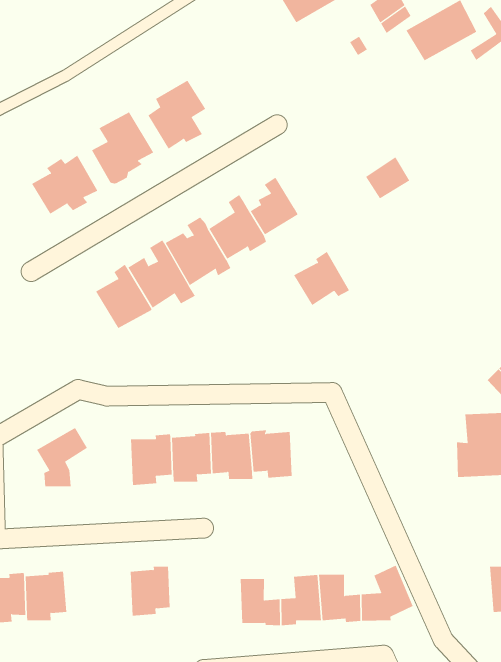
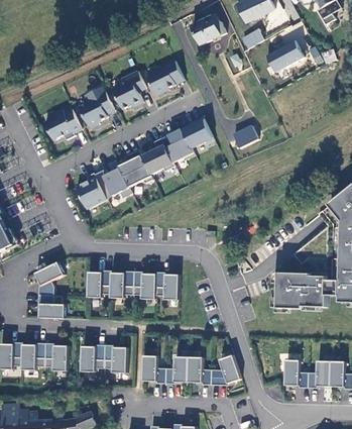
building: none -> [145,62,183,96]
building: [293,251,350,306] -> [182,118,213,148]
building: none -> [37,295,65,319]
building: none -> [103,345,127,372]
building: none -> [44,343,68,371]

